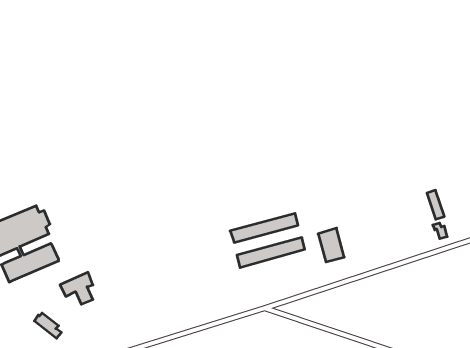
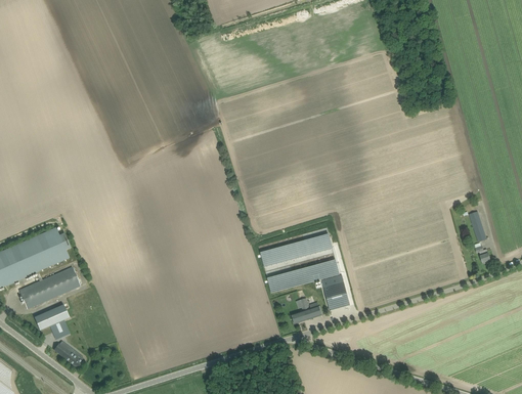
building: [318,228,344,262] -> [321,274,349,310]
building: [60,272,93,304] -> [33,303,68,337]
building: none -> [291,298,321,323]

